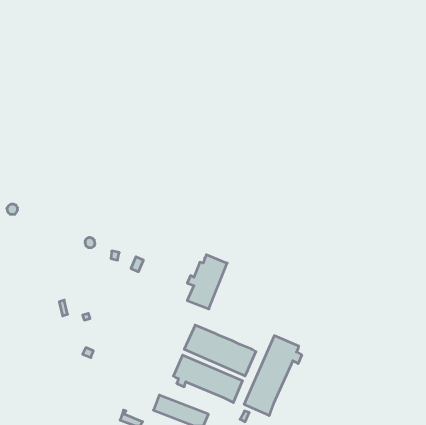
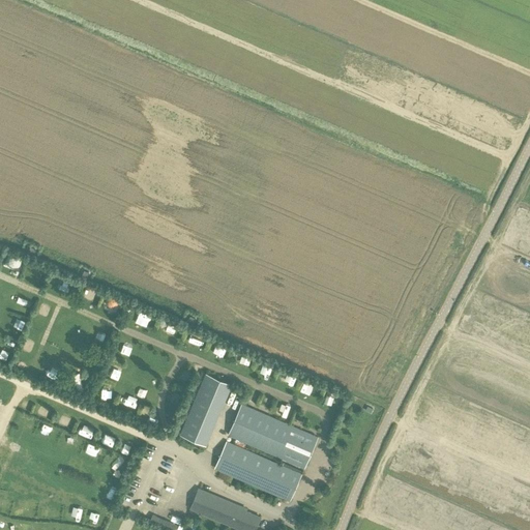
building: [187,255,227,309] -> [180,378,230,445]
building: [244,336,302,416] -> none

